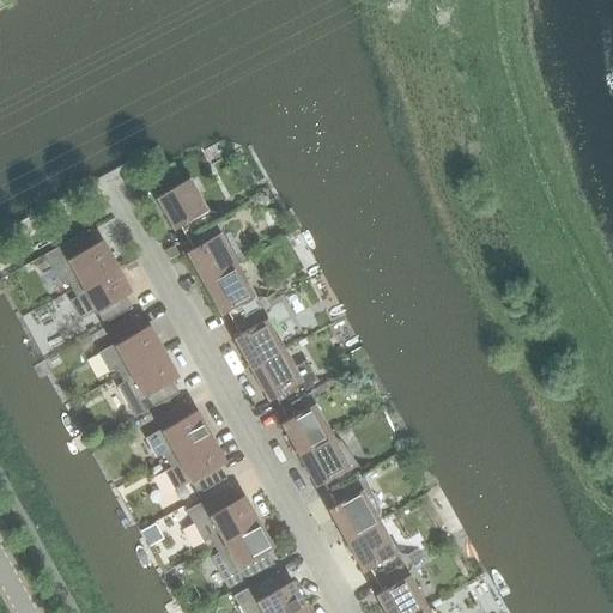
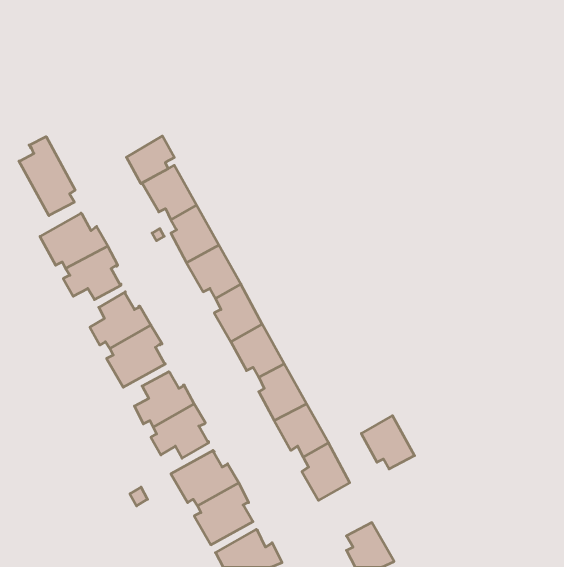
building: none -> [126,136,174,184]
building: none -> [19,137,75,216]
building: [347,521,405,578] -> [361,416,415,469]

